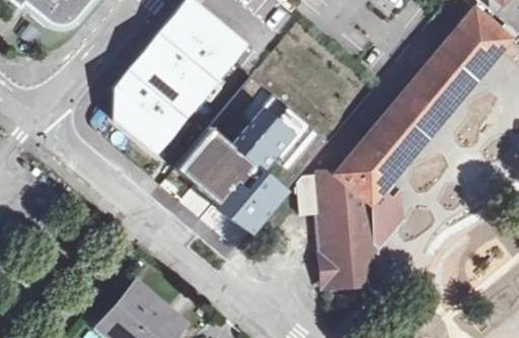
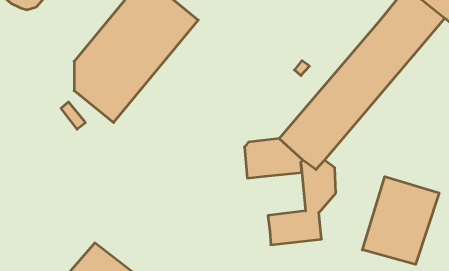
building: [177,85,307,232] -> none
building: [319,206,363,253] -> none
building: none -> [362,177,439,264]

